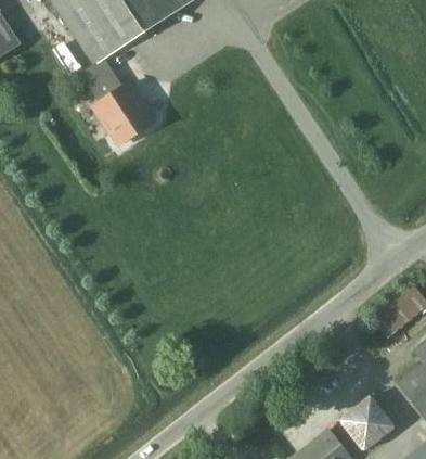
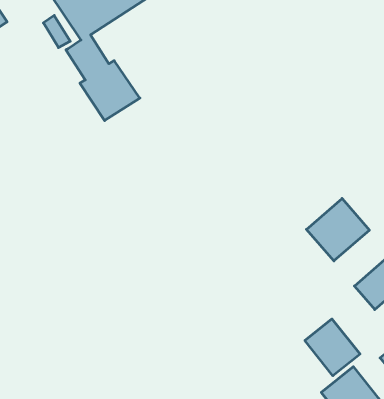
building: none -> [306,198,369,261]
building: none -> [305,319,360,376]

